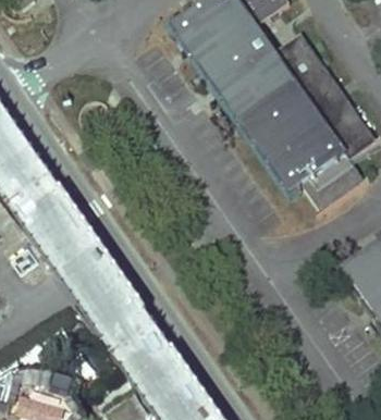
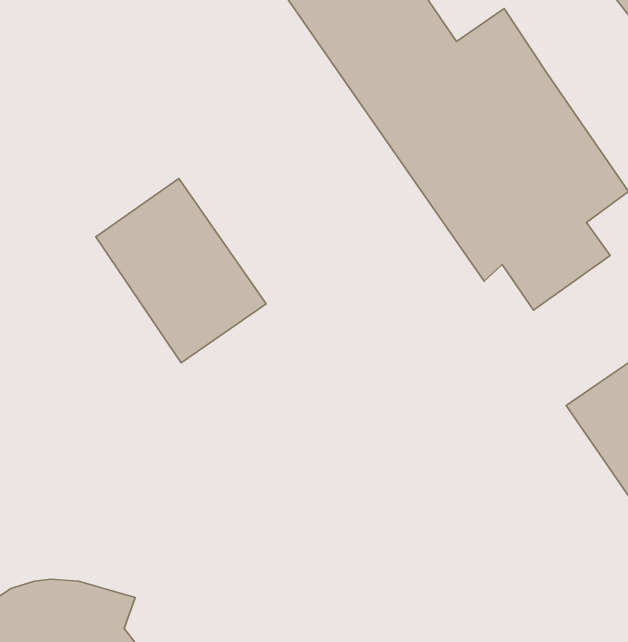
building: none -> [96,179,266,363]

